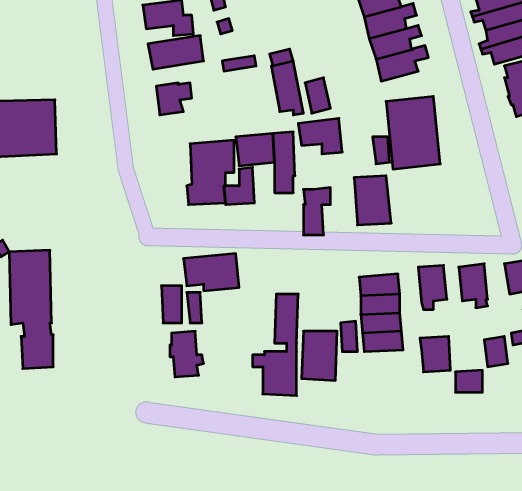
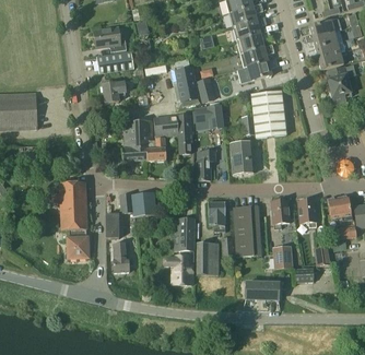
building: [9,250,53,369] -> [59,181,87,258]
building: none -> [208,201,224,230]
building: none -> [245,281,279,298]

